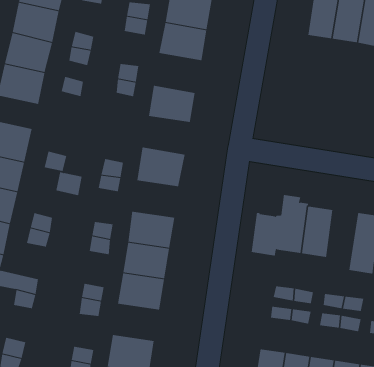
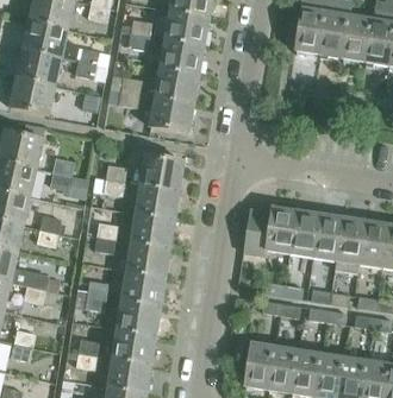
building: none -> [154,68,199,105]
building: none -> [133,185,177,220]
building: none -> [314,213,343,260]
building: none -> [116,299,160,334]

